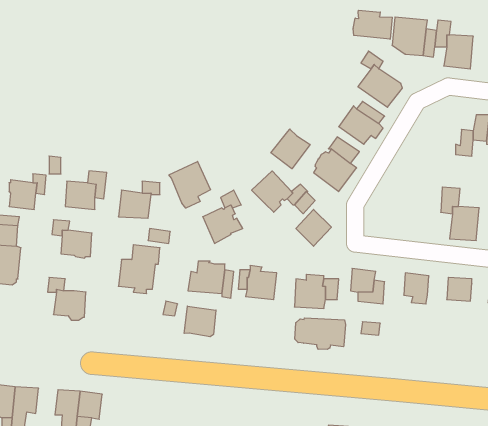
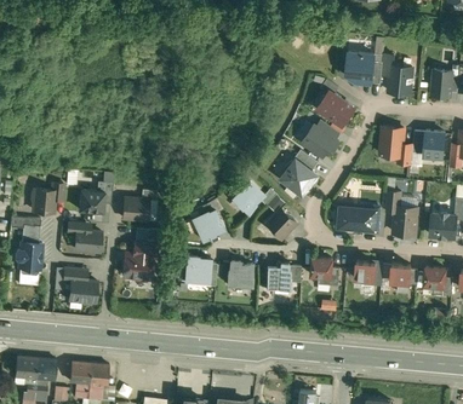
building: [353,10,392,39] -> none
building: none -> [381,128,404,158]
building: [271,129,310,169] -> none
building: [169,161,211,208] -> none
building: none -> [337,207,378,233]
building: [184,306,216,337] -> none
building: [295,318,346,349] -> none

